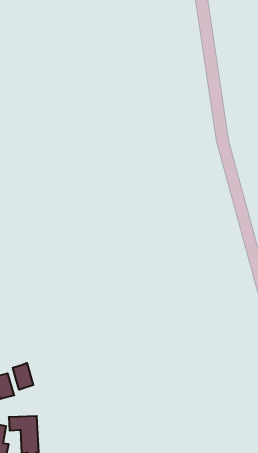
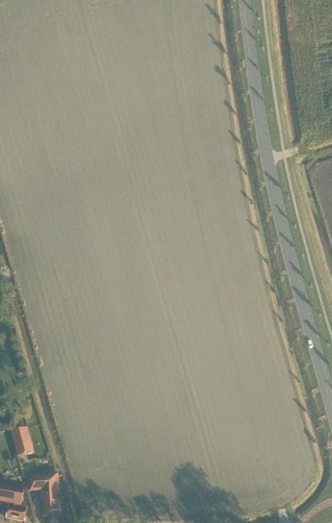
building: [13,363,33,390] -> none

